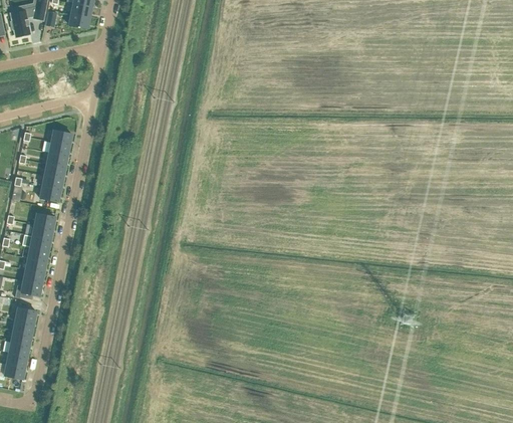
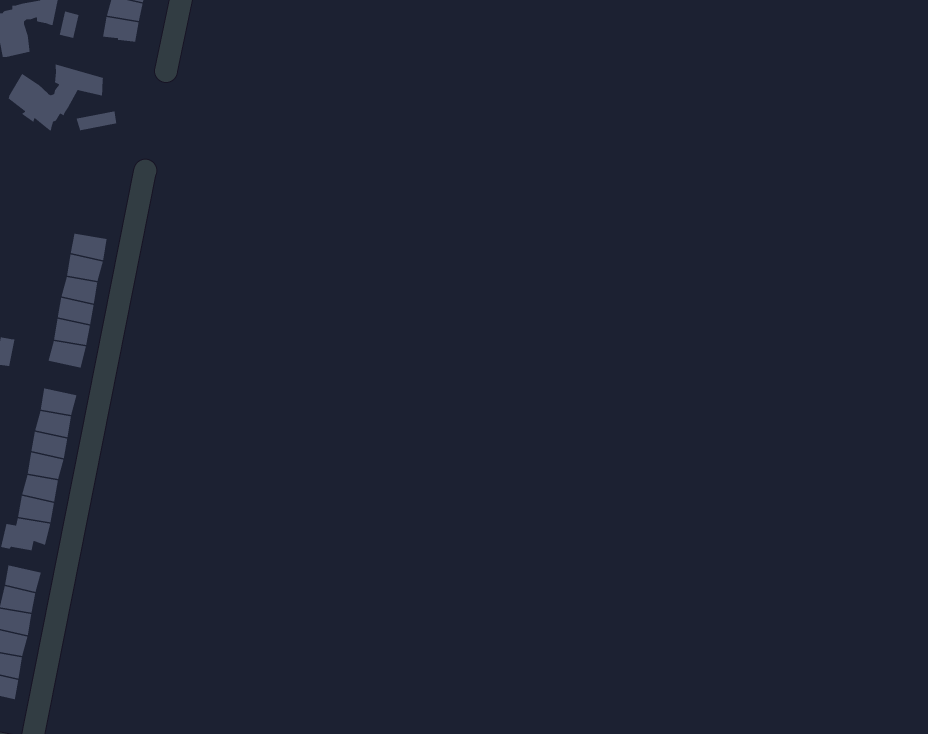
building: none -> [8,64,104,132]

